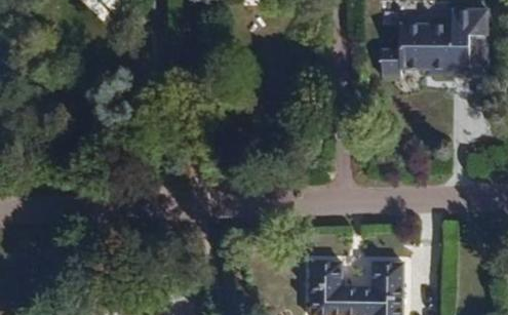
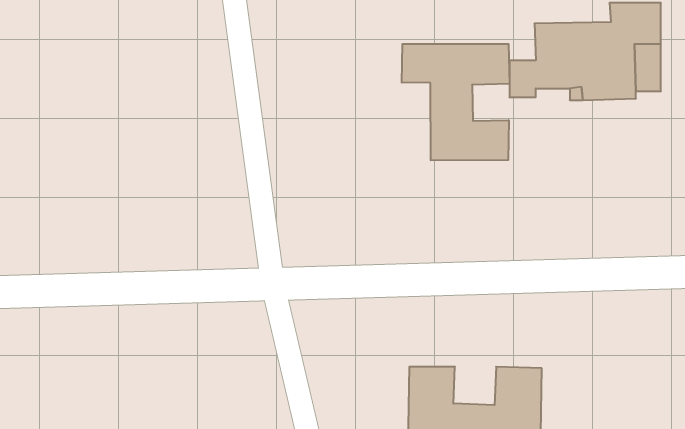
building: none -> [402,44,509,160]

